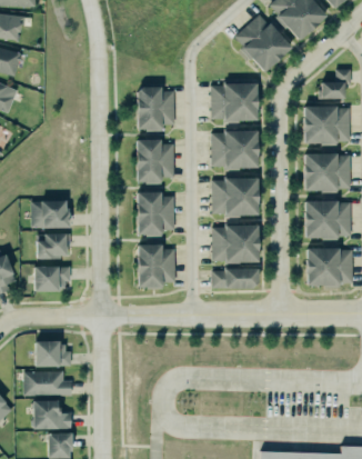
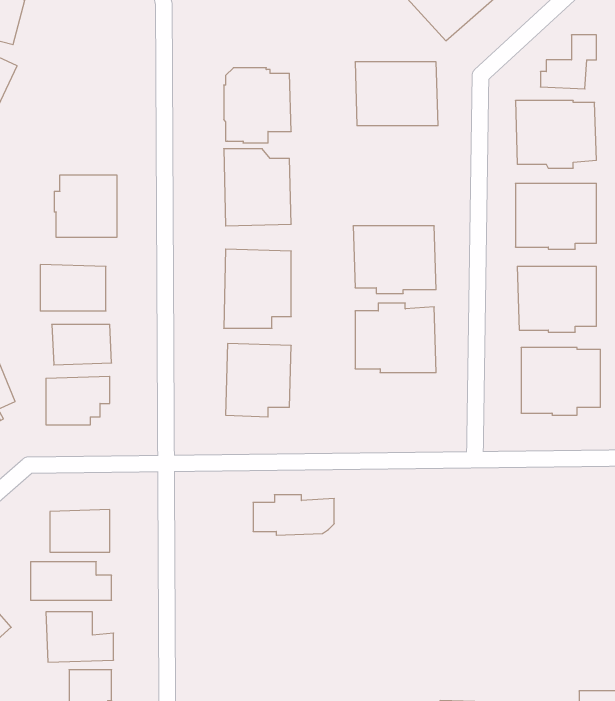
building: [211,130,257,169] -> none
building: none -> [54,175,117,237]
building: [211,266,258,289] -> [253,495,334,535]

